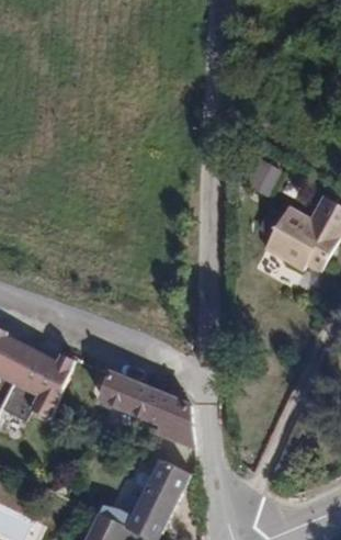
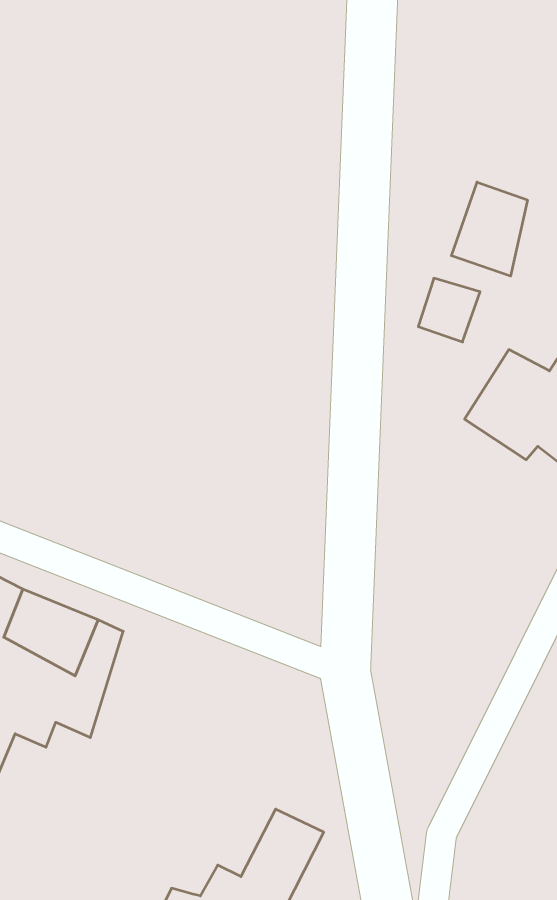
building: none -> [451,182,527,276]
building: [99,374,192,449] -> none

